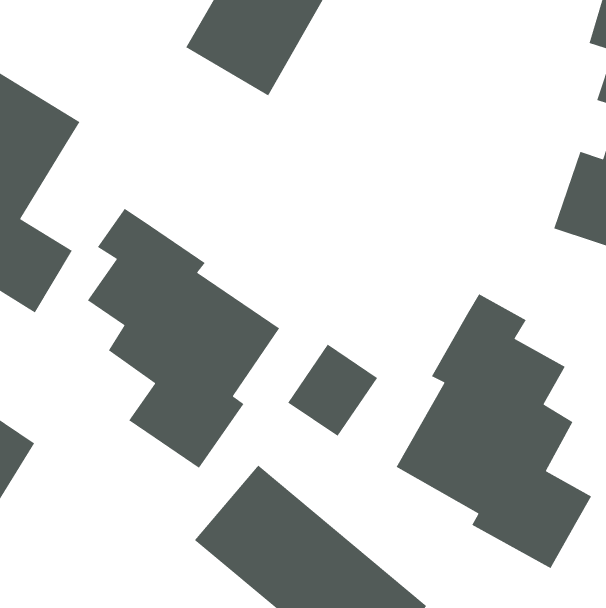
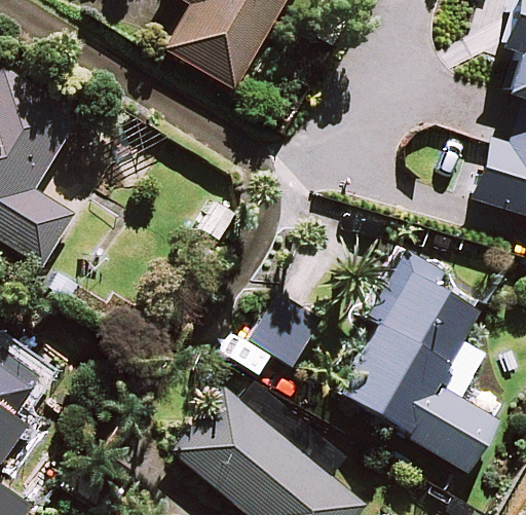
building: [87,208,280,469] -> none

